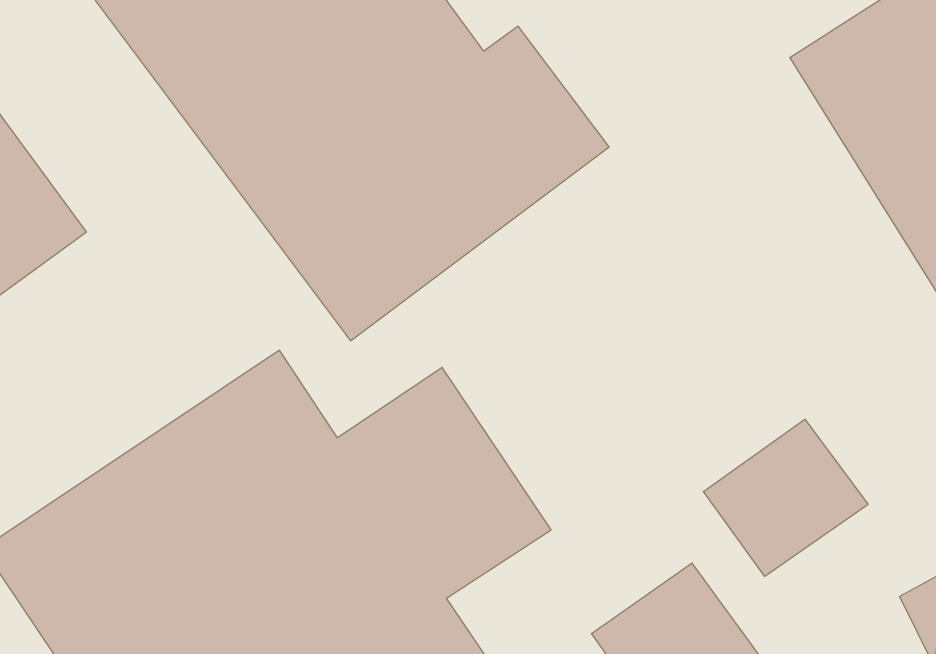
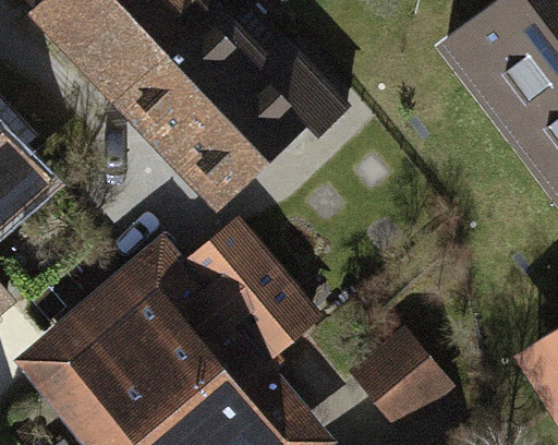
building: [703,419,868,576] -> none

